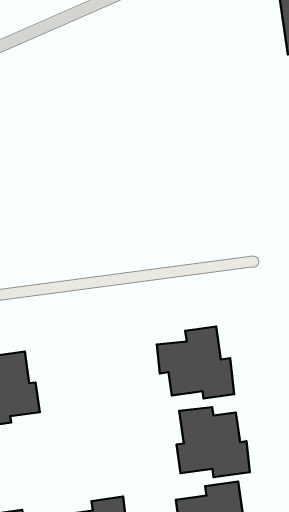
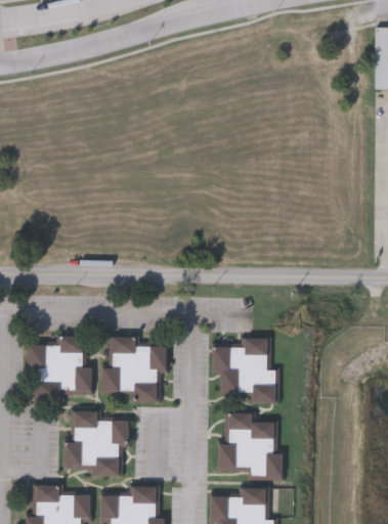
building: none -> [101,337,167,402]
building: none -> [62,410,128,477]

